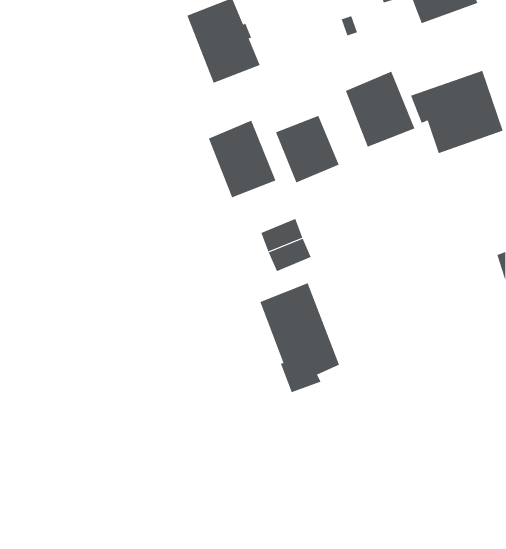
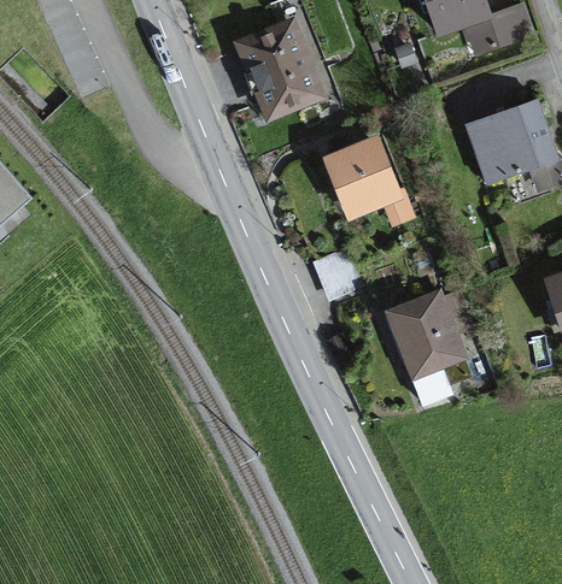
building: [345,71,415,148] -> none
building: [208,120,276,198] -> none
building: [260,282,340,393] -> [388,293,468,402]

